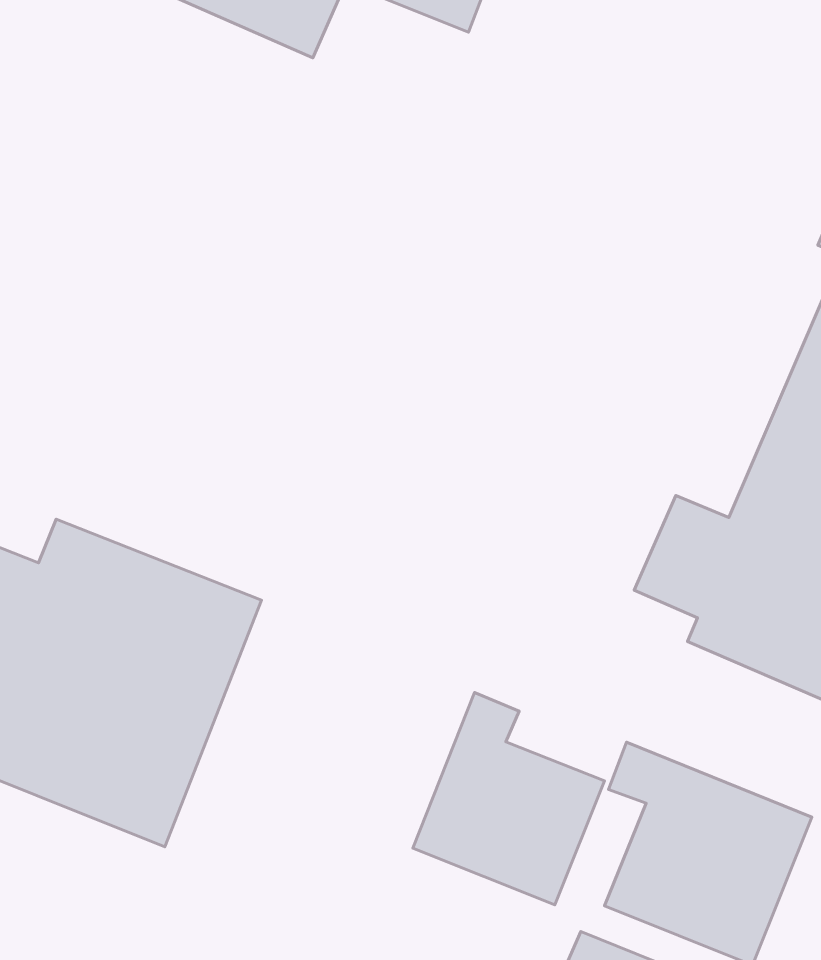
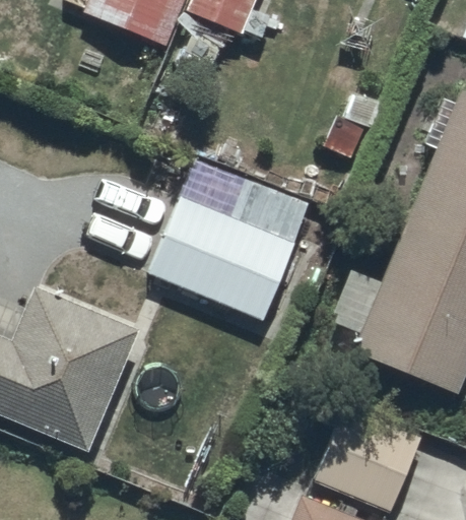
building: none -> [146,161,312,322]
building: [413,692,604,905] -> none

